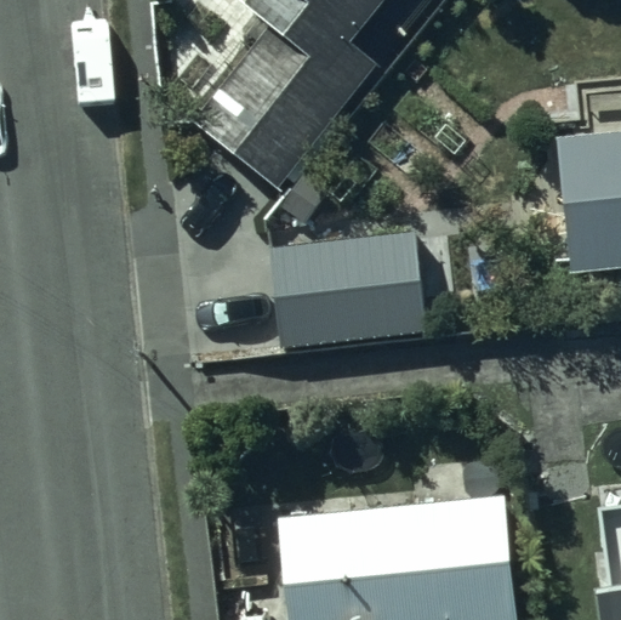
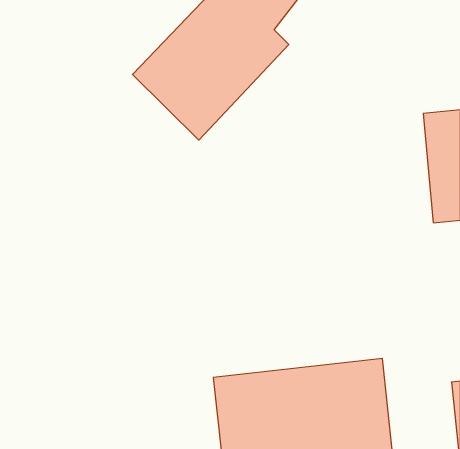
building: [264,237,421,351] -> none

